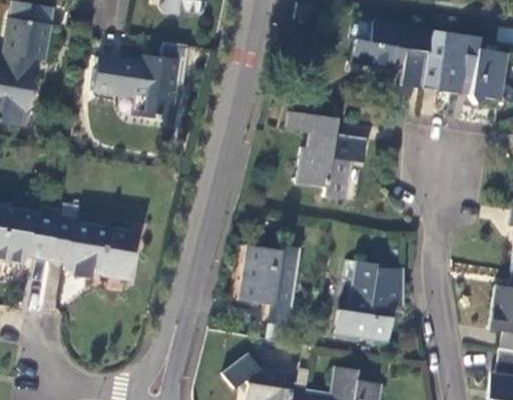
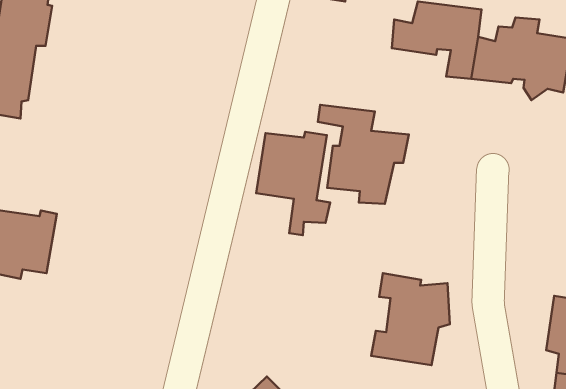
building: [94,40,190,121] -> none
building: [47,204,133,280] -> none
building: [237,248,303,339] -> [256,132,330,235]

